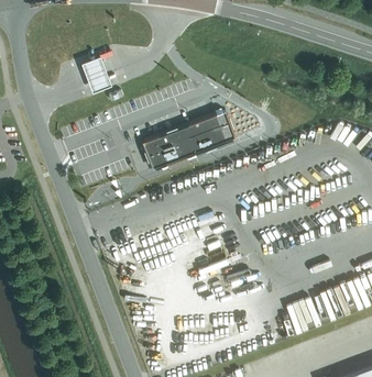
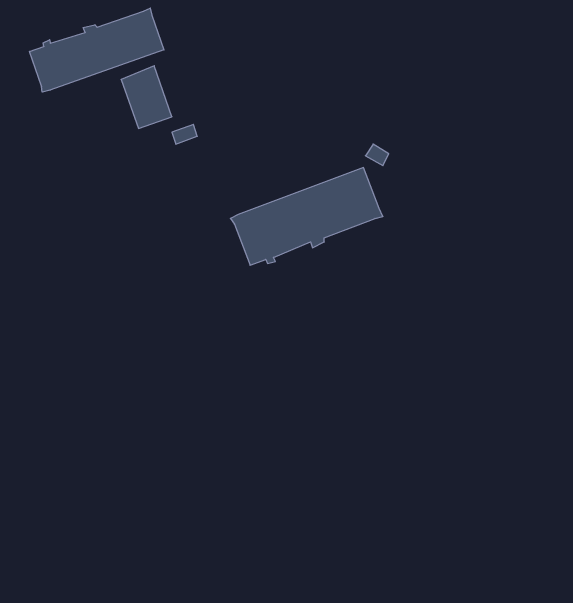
building: none -> [30,8,164,92]

